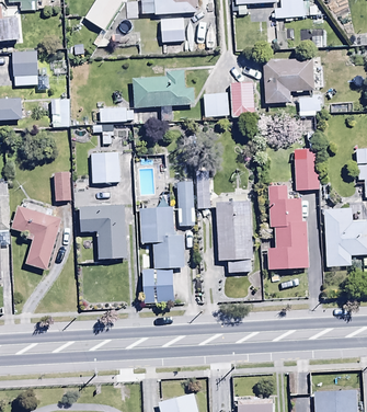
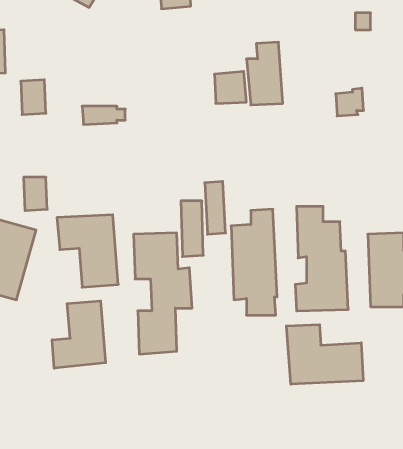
building: [264,61,314,105] -> none
building: [134,73,196,123] -> none
building: [92,141,122,174] -> none
building: [295,152,320,193] -> none
building: none -> [52,301,106,368]
building: none -> [286,325,363,384]

